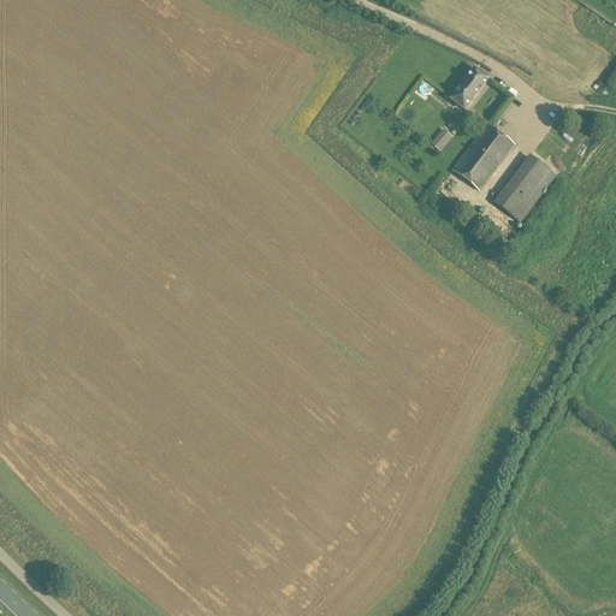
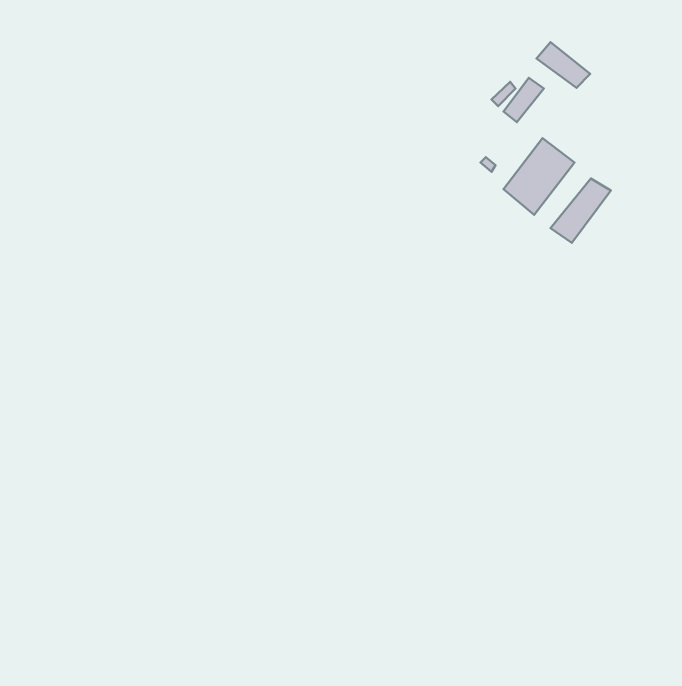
building: none -> [536,42,590,88]

